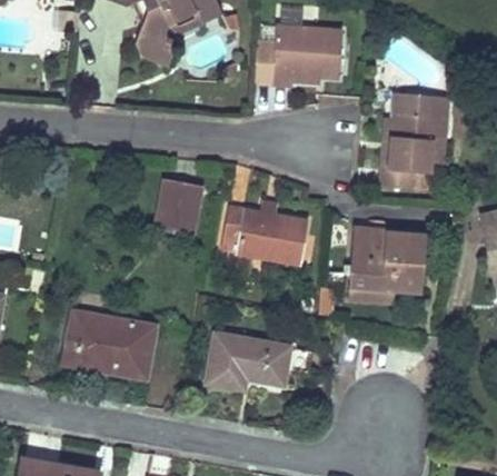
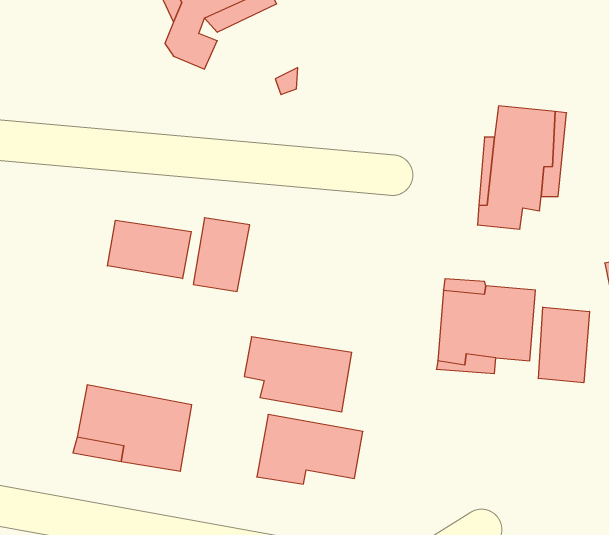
building: [272,26,344,86] -> none
building: none -> [107,220,191,279]
building: [223,206,308,265] -> [244,337,352,412]
building: none -> [538,307,589,383]

